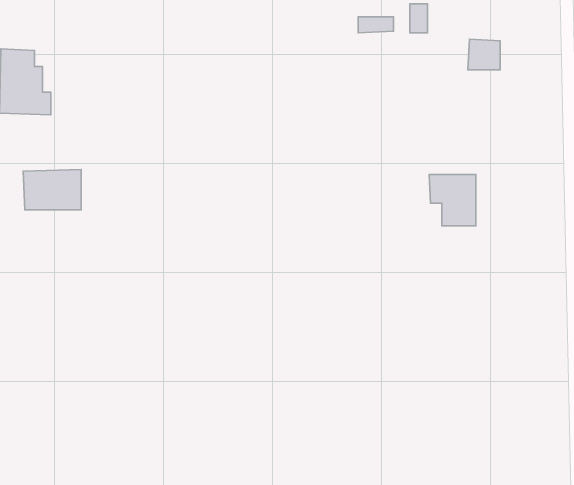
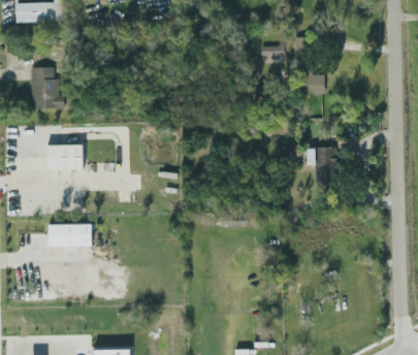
building: [468,39,500,70] -> [302,73,323,93]
building: none -> [47,223,91,246]

